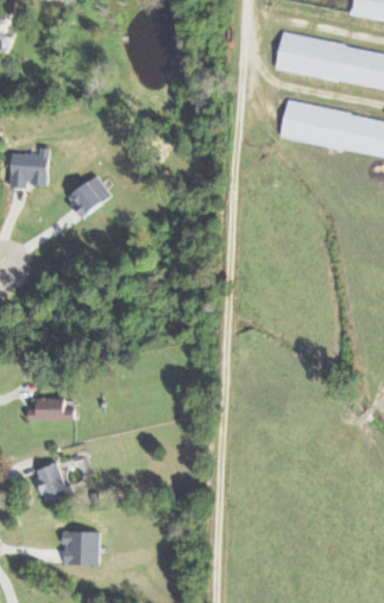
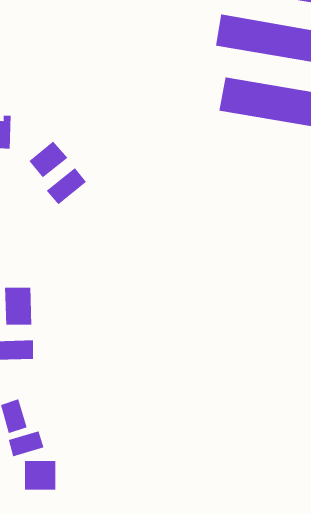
building: none -> [46,167,87,205]
building: none -> [5,287,32,326]
building: none -> [8,431,44,457]

